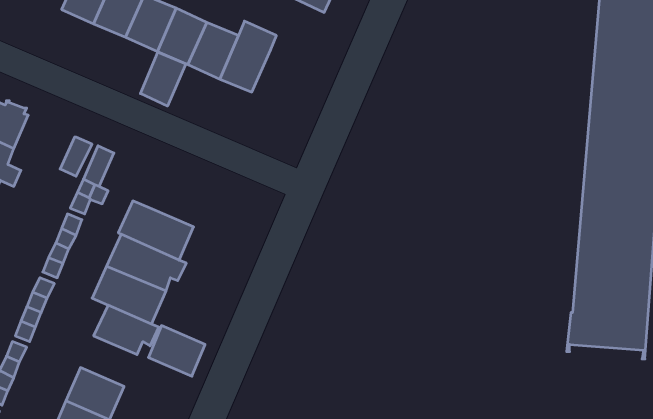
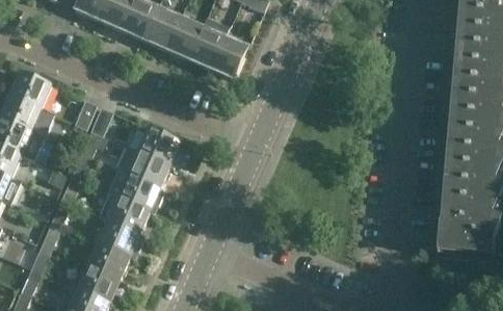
building: none -> [211,37,247,78]
building: [140,52,186,106] -> none
building: none -> [138,125,180,164]
building: [148,326,205,376] -> [88,242,129,279]

